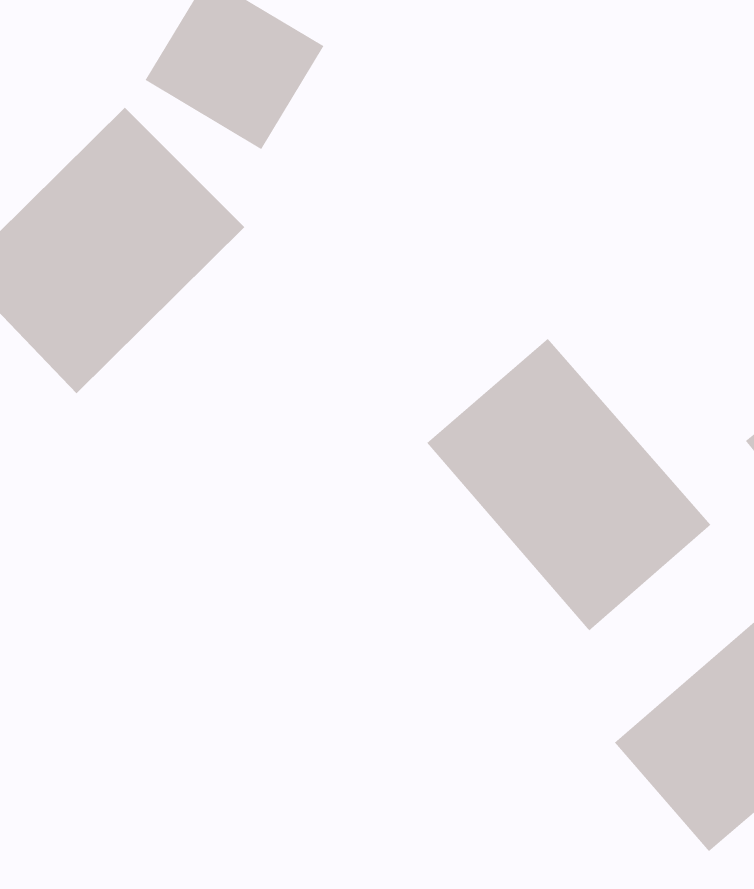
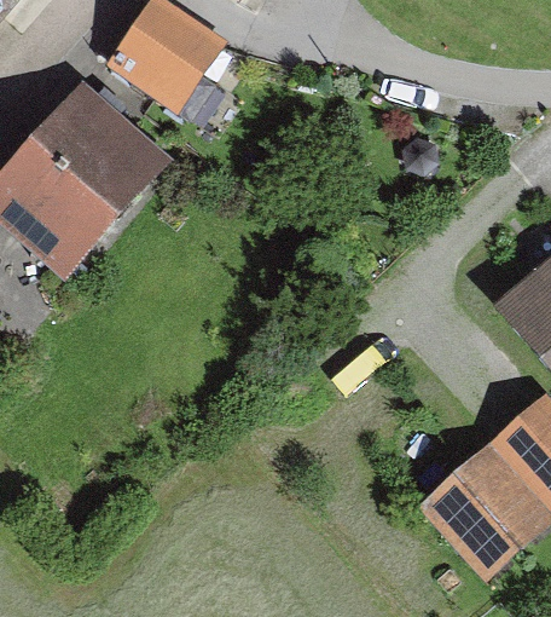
building: [426,338,711,631] -> none

